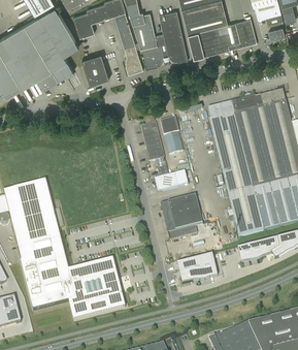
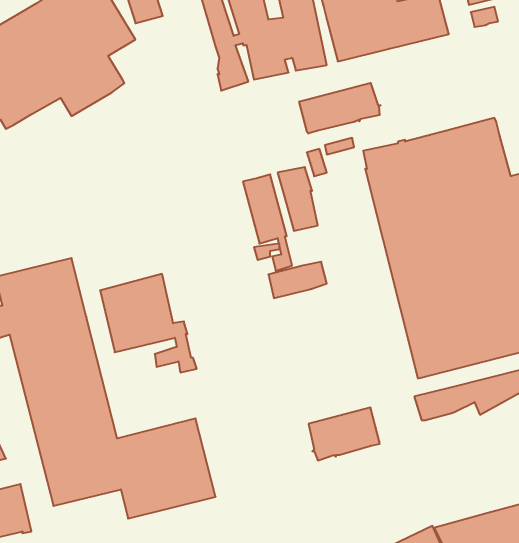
building: [81,54,109,86] -> none
building: none -> [299,83,381,134]
building: [161,196,216,252] -> [100,274,197,372]

